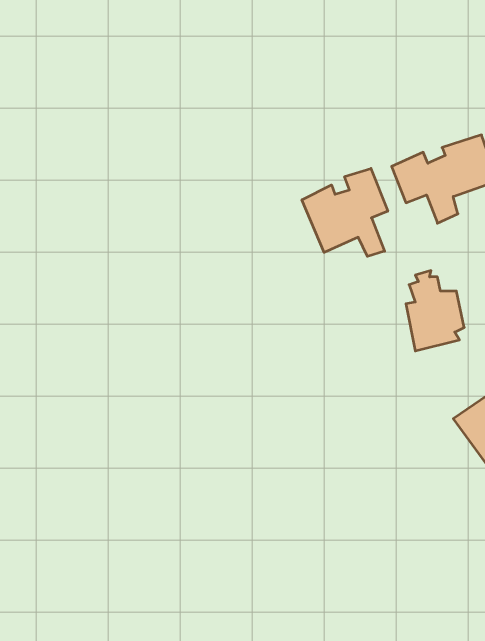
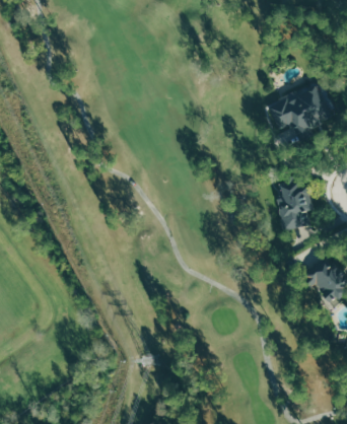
building: [302,168,388,256] -> none

